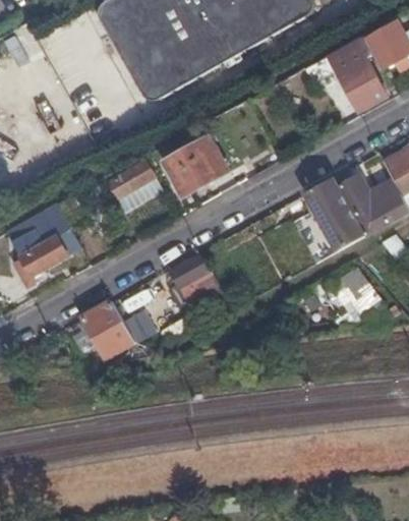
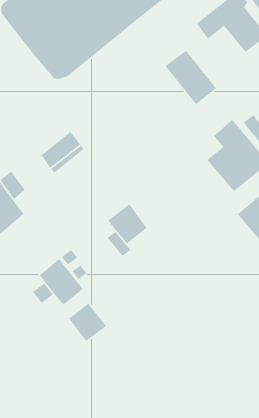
building: none -> [165,50,217,105]
building: [165,135,229,187] -> none
building: none -> [68,303,107,342]

